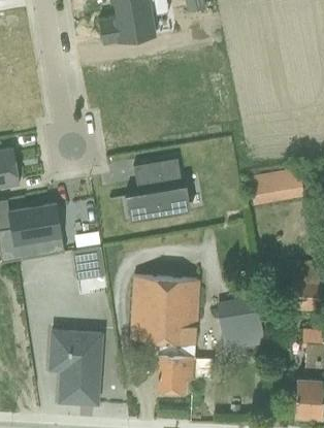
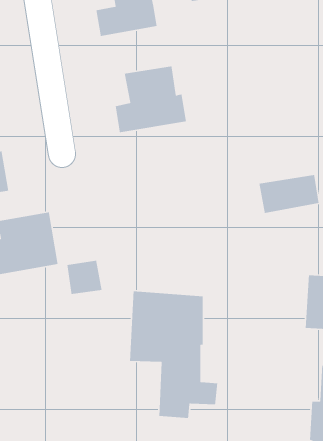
building: [124,159,190,221] -> [115,65,187,133]
building: [216,295,266,351] -> none
building: [46,329,102,406] -> none

